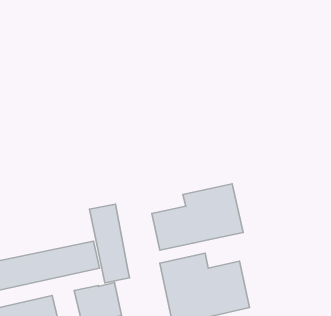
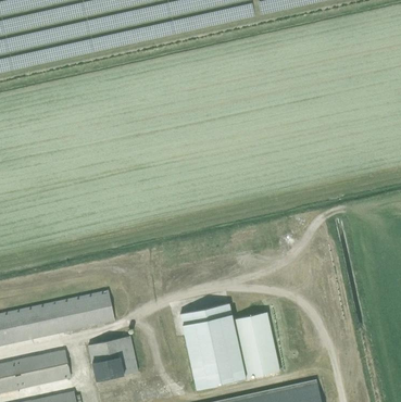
building: [152,184,243,250] -> none
building: [89,204,130,283] -> none

